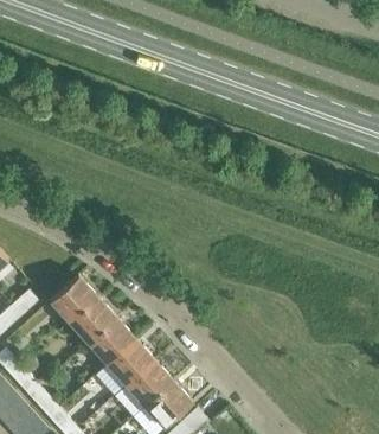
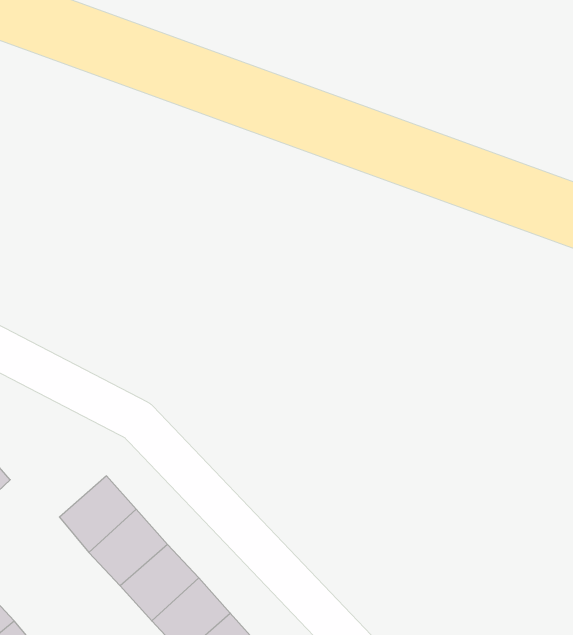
building: [49,276,97,323] -> none

